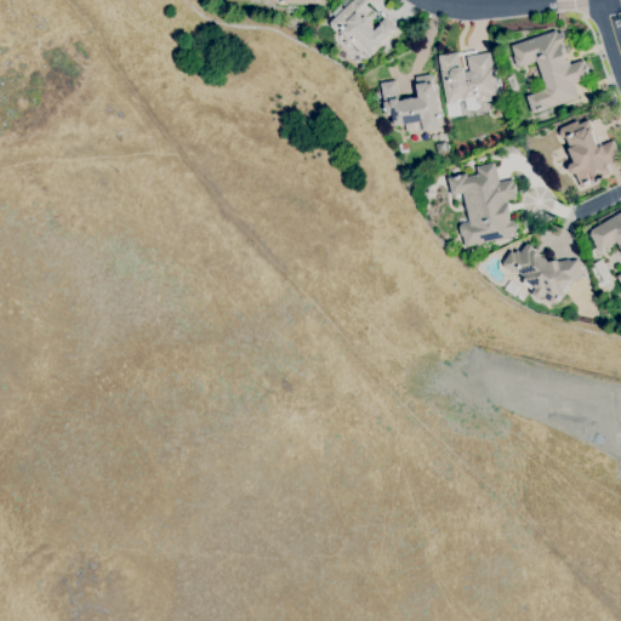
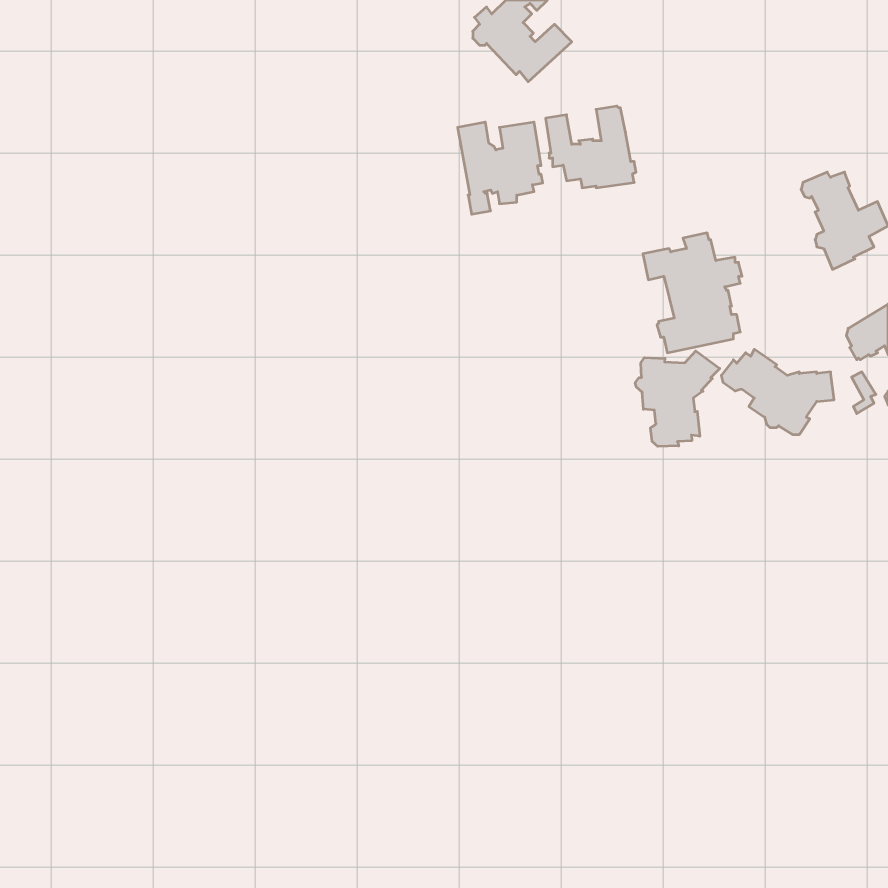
building: [512,30,589,113] -> none
building: [438,52,497,116] -> [458,122,543,214]
building: none -> [635,351,720,446]

